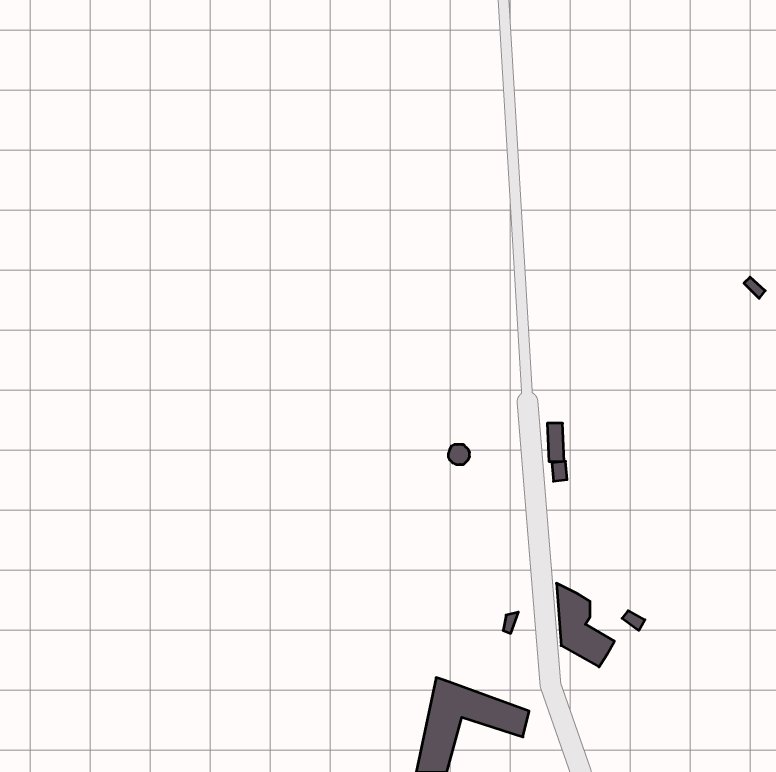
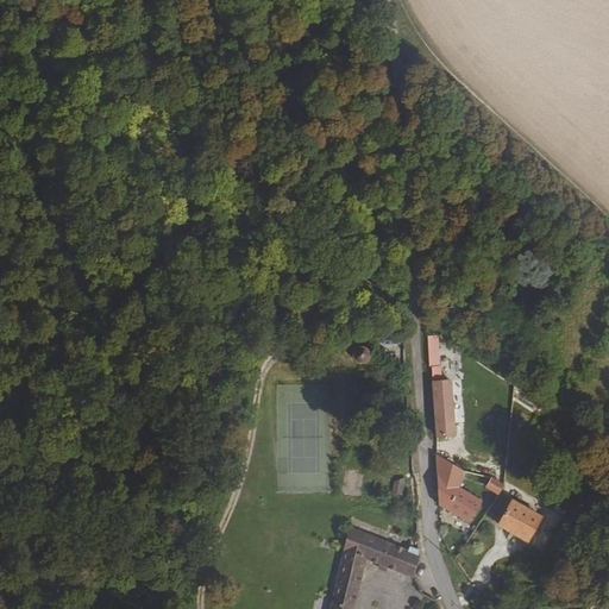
building: none -> [434,381,454,435]
building: none -> [500,500,542,542]

